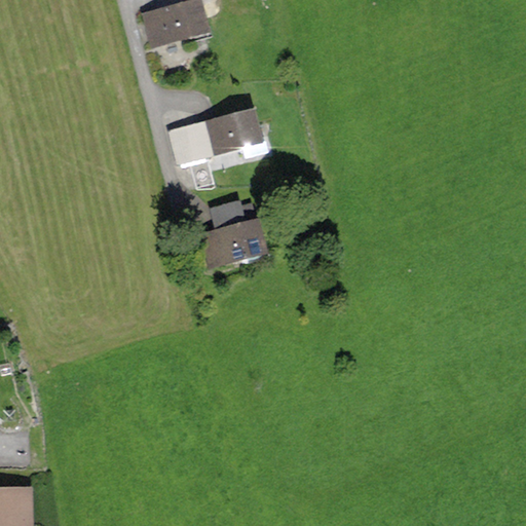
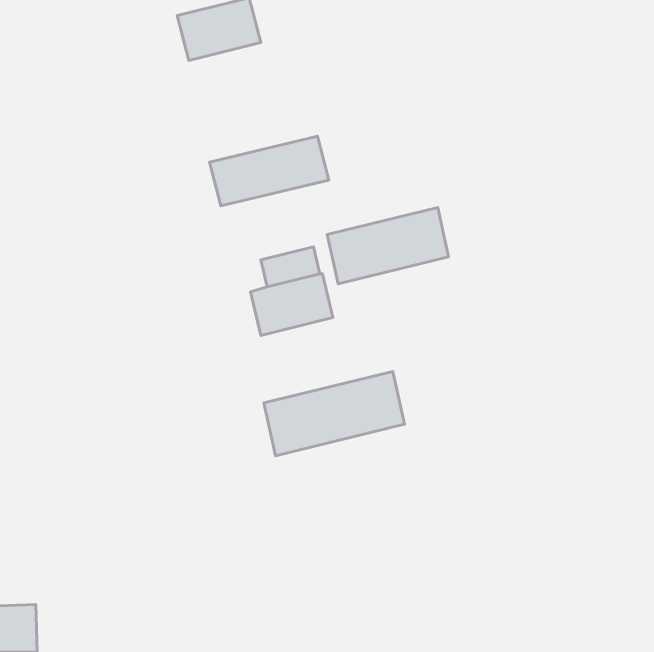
building: none -> [327,207,449,284]
building: none -> [264,371,404,456]

